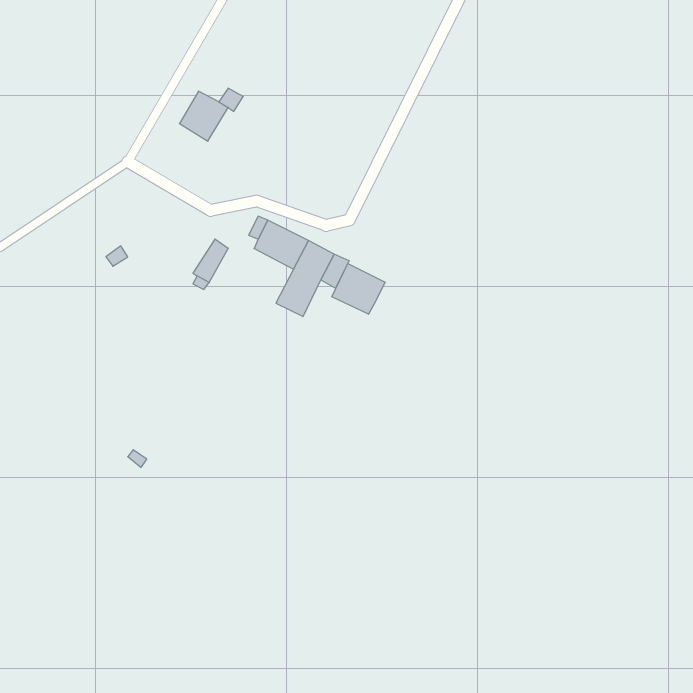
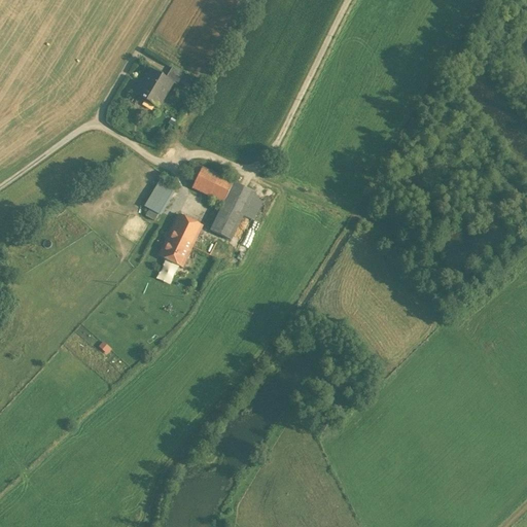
building: [332,264,385,314] -> none
building: none -> [160,214,203,266]

